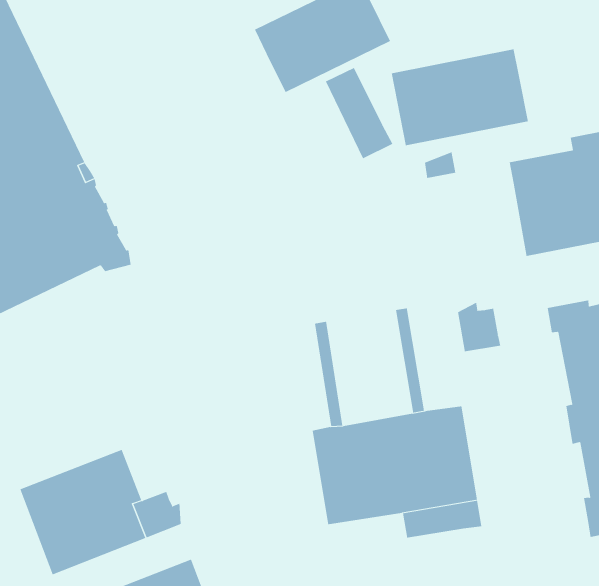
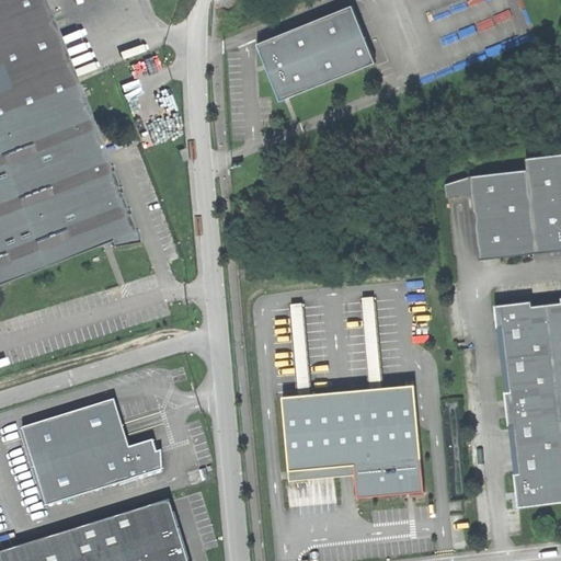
building: [391,49,528,146] -> none
building: [325,67,393,159] -> none
building: [424,152,456,179] -> [445,175,472,197]
building: [458,302,501,352] -> none

